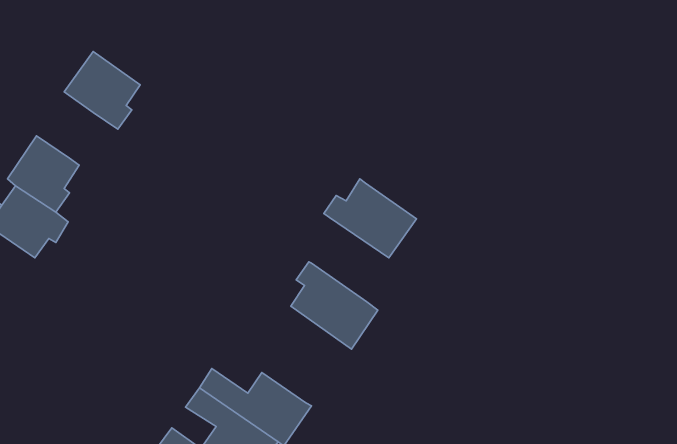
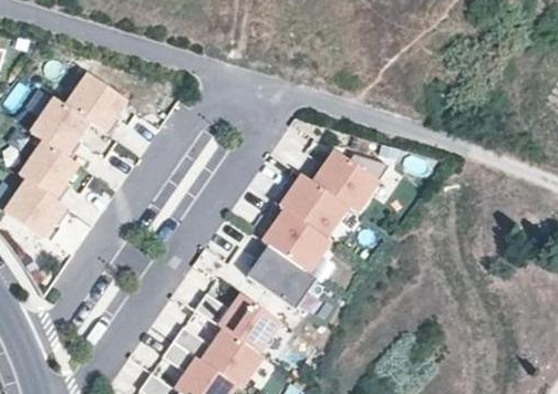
building: none -> [30,98,87,158]
building: none -> [306,152,389,214]
building: none -> [262,206,329,273]
building: none -> [195,293,280,354]

